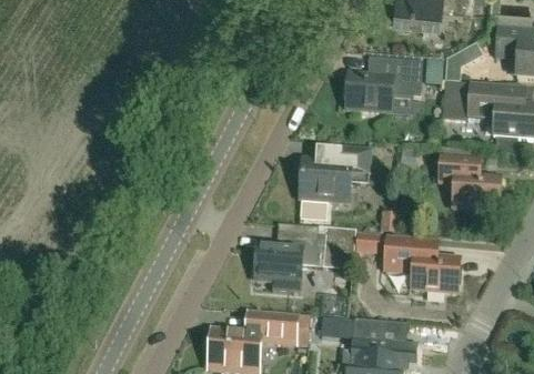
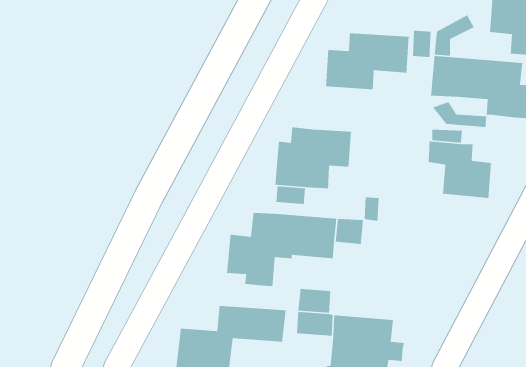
building: none -> [432,101,487,128]
building: [385,239,460,295] -> none

